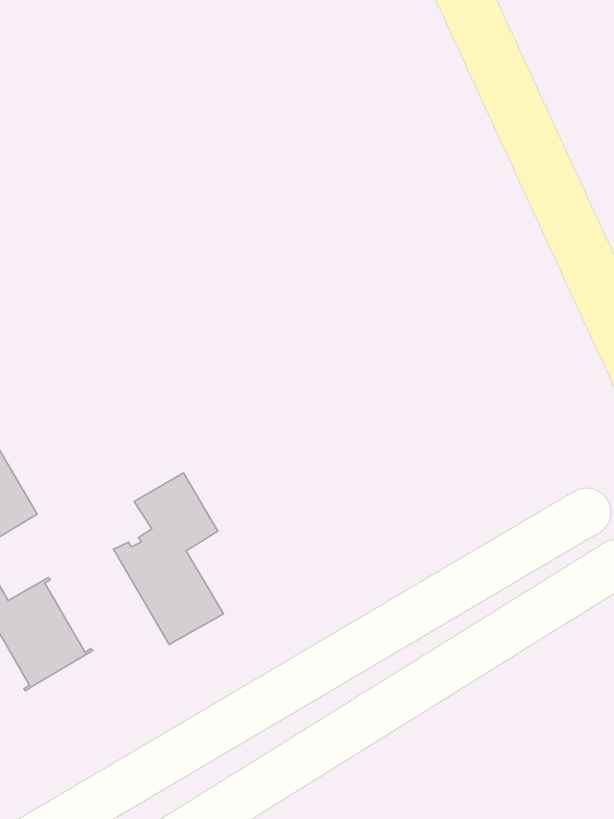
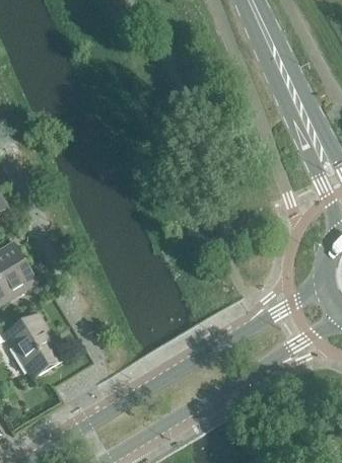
building: [113,473,224,645] -> none

